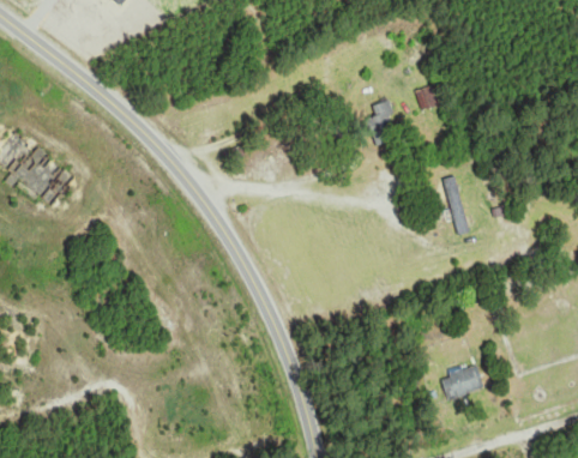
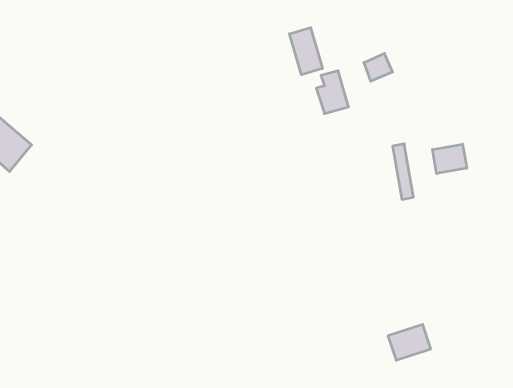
building: none -> [289,28,322,75]
building: none -> [432,144,467,174]

